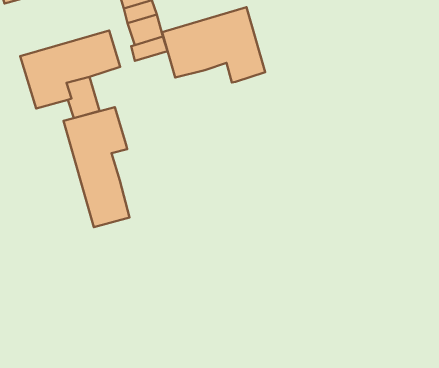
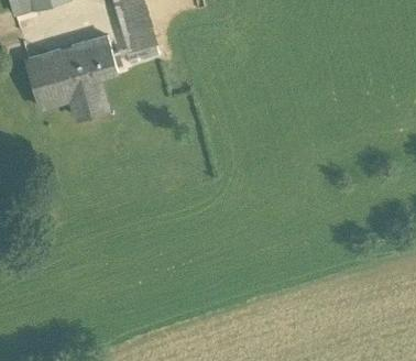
building: [162,7,265,83] -> none
building: [64,107,130,227] -> none

